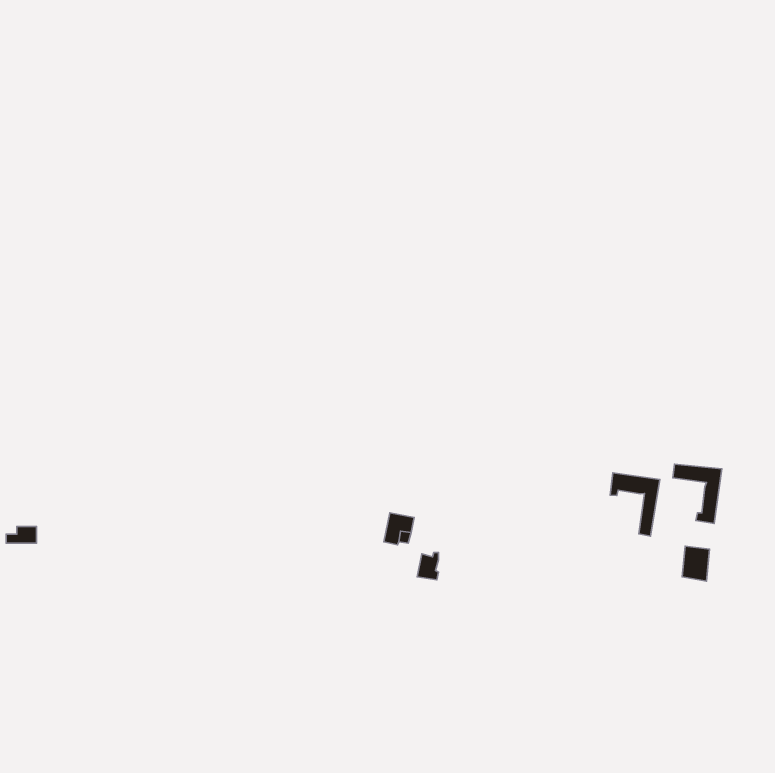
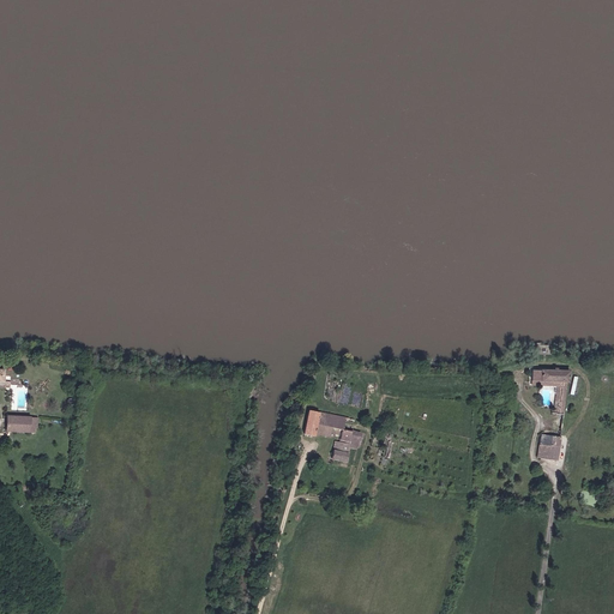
building: [610,473,660,536] -> none

